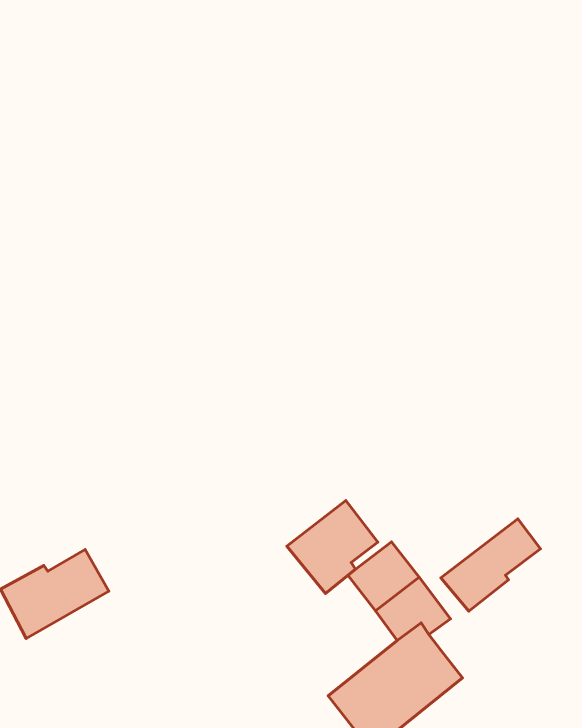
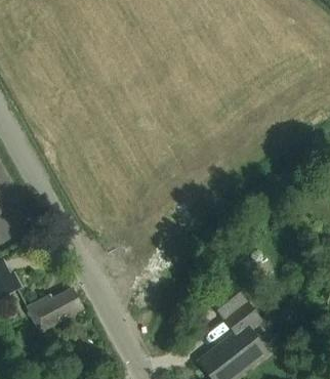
building: [287,501,378,594] -> none
building: [441,519,541,611] -> none

